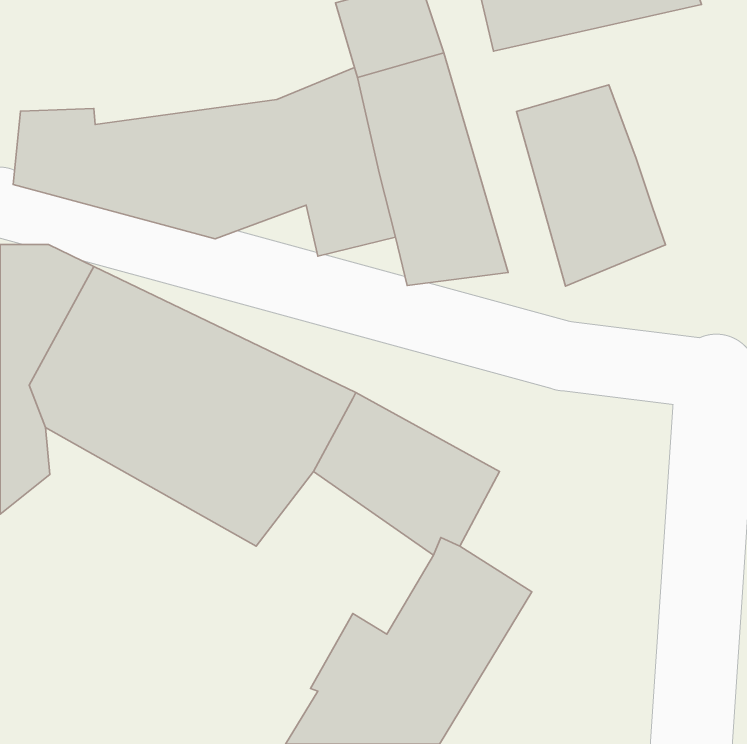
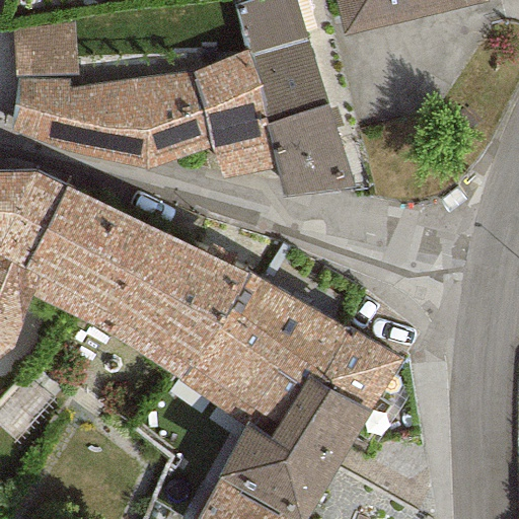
building: none -> [12,20,76,77]
building: [516,85,666,286] -> none
building: none -> [178,326,301,439]
building: none -> [319,326,402,410]

